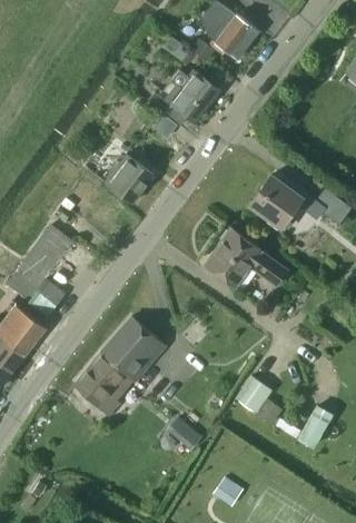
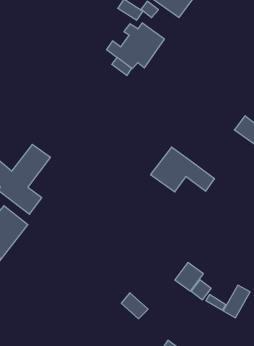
building: [105,155,154,204] -> none
building: [246,172,305,230] -> none
building: [72,315,166,416] -> none

